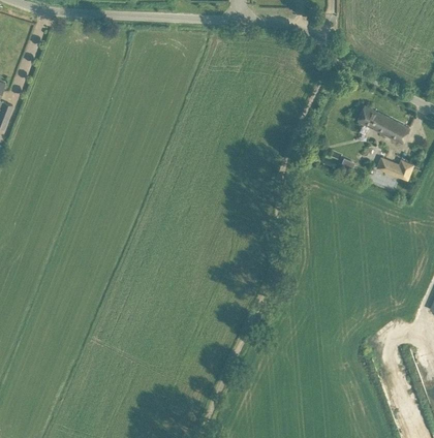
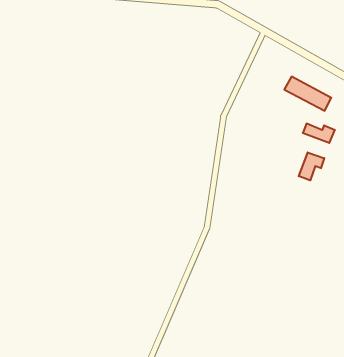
building: none -> [299,152,324,180]

